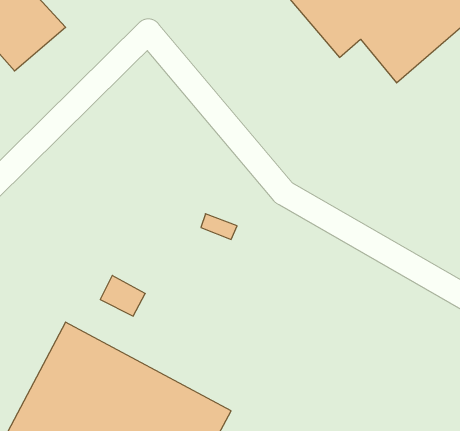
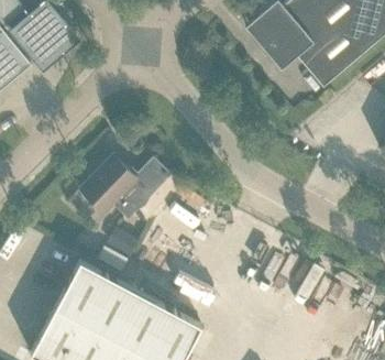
building: none -> [80,156,169,218]

